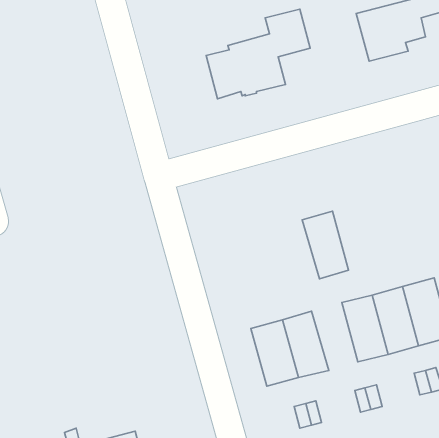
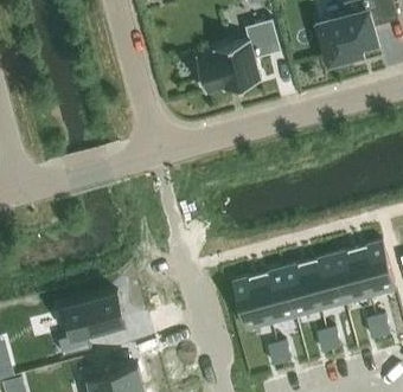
building: [302,211,348,279] -> [282,261,320,316]
building: none -> [58,291,126,355]

